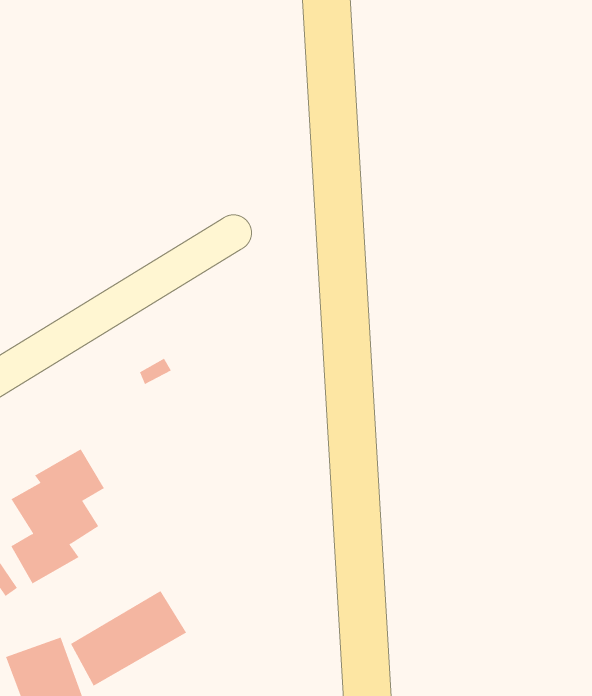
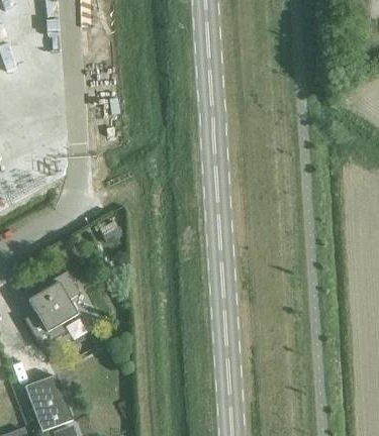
building: [70,590,187,687] -> none

